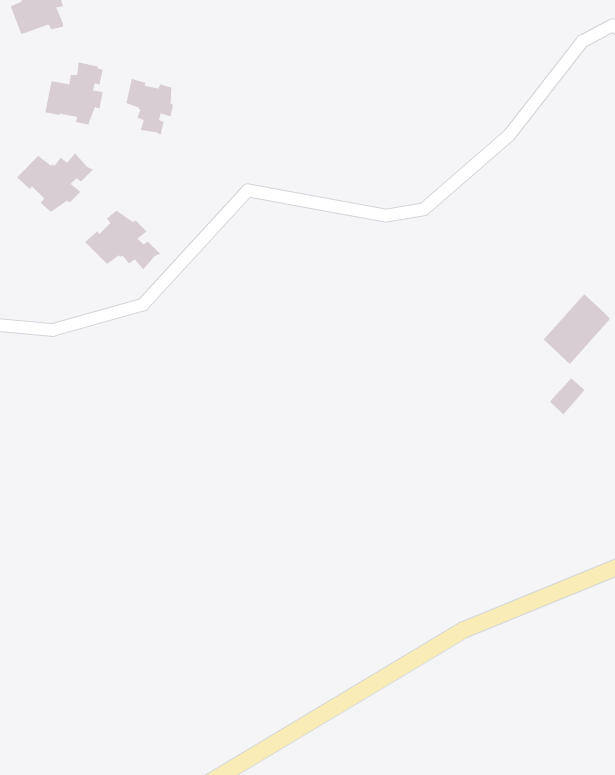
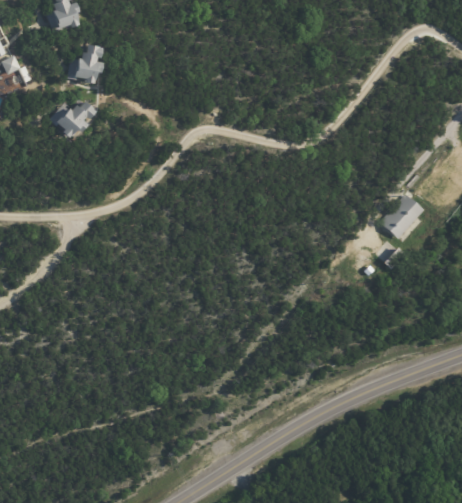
building: [126,78,174,136] -> none
building: [84,210,161,270] -> none

